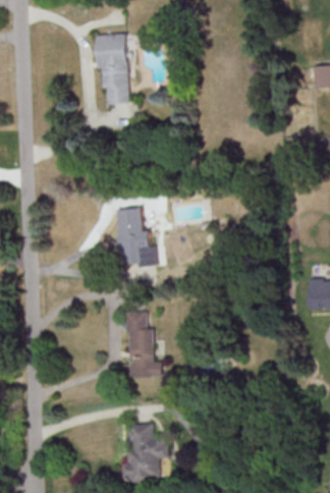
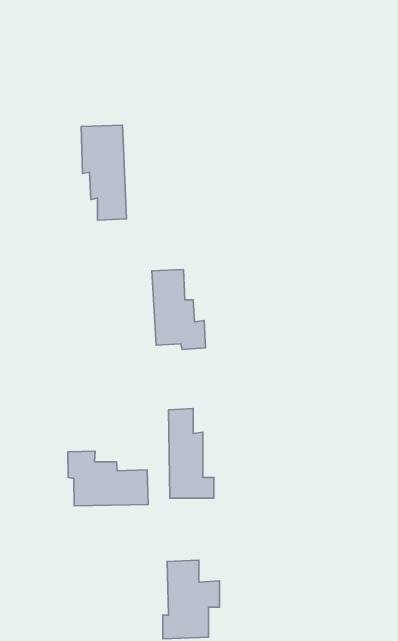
building: [94,34,127,104] -> [81,125,127,220]
building: none -> [68,451,148,506]

